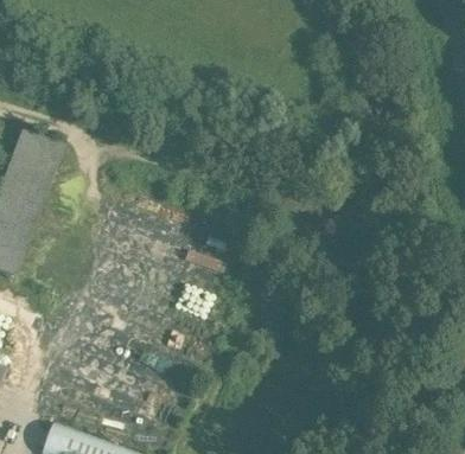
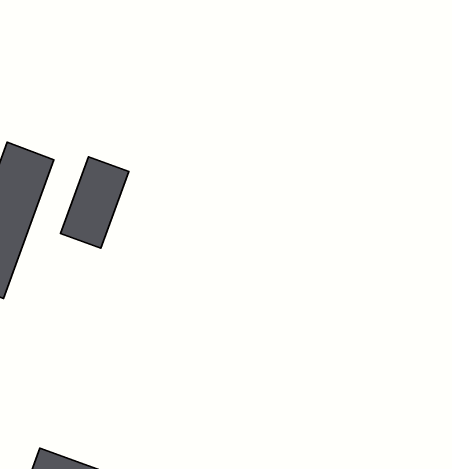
building: none -> [60,157,129,248]

